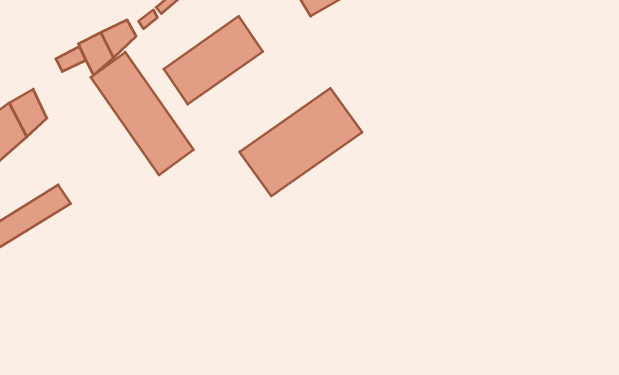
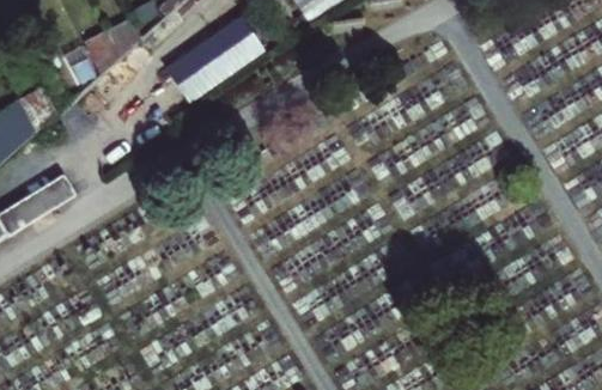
building: [91,52,193,175] -> none
building: [240,88,362,196] -> none

